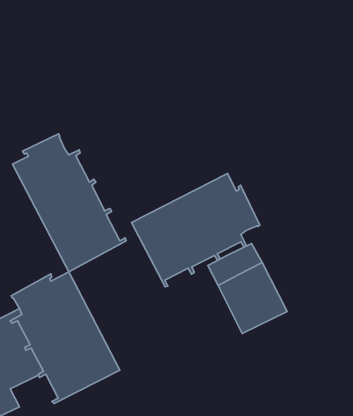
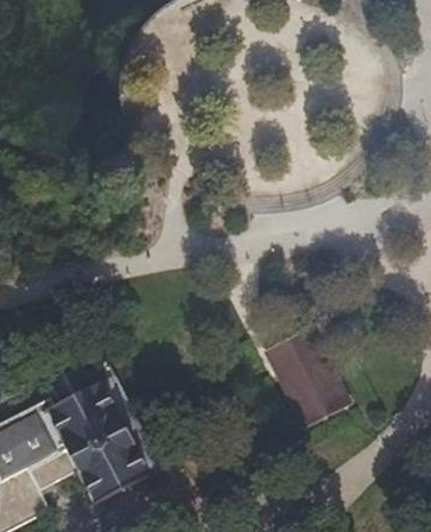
building: [13,134,126,272] -> none
building: [132,173,260,287] -> none

